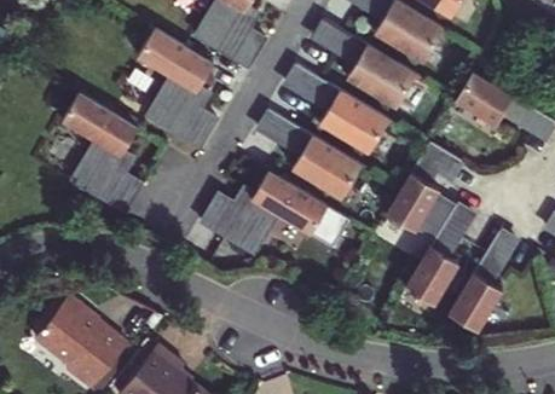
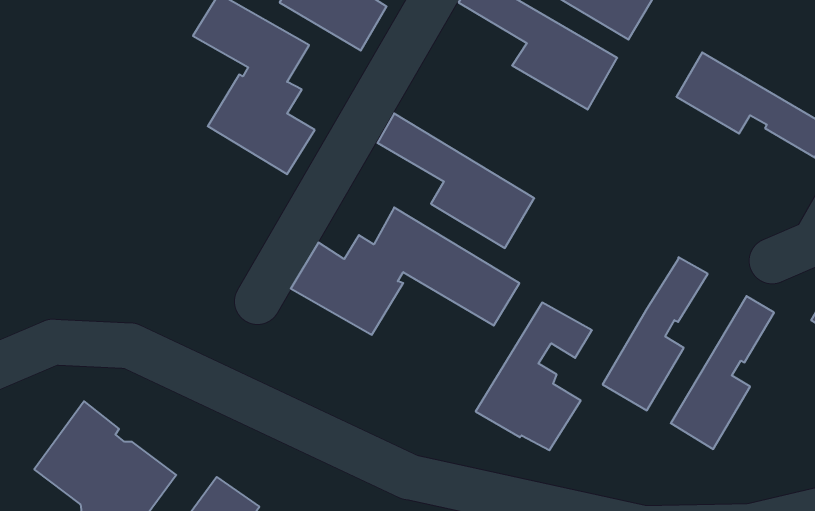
building: [285,64,389,152] -> none
building: [62,93,141,213] -> none
building: [387,140,463,237] -> [476,303,592,450]

